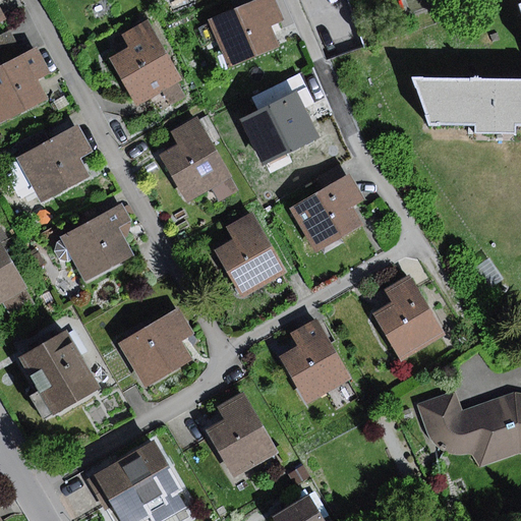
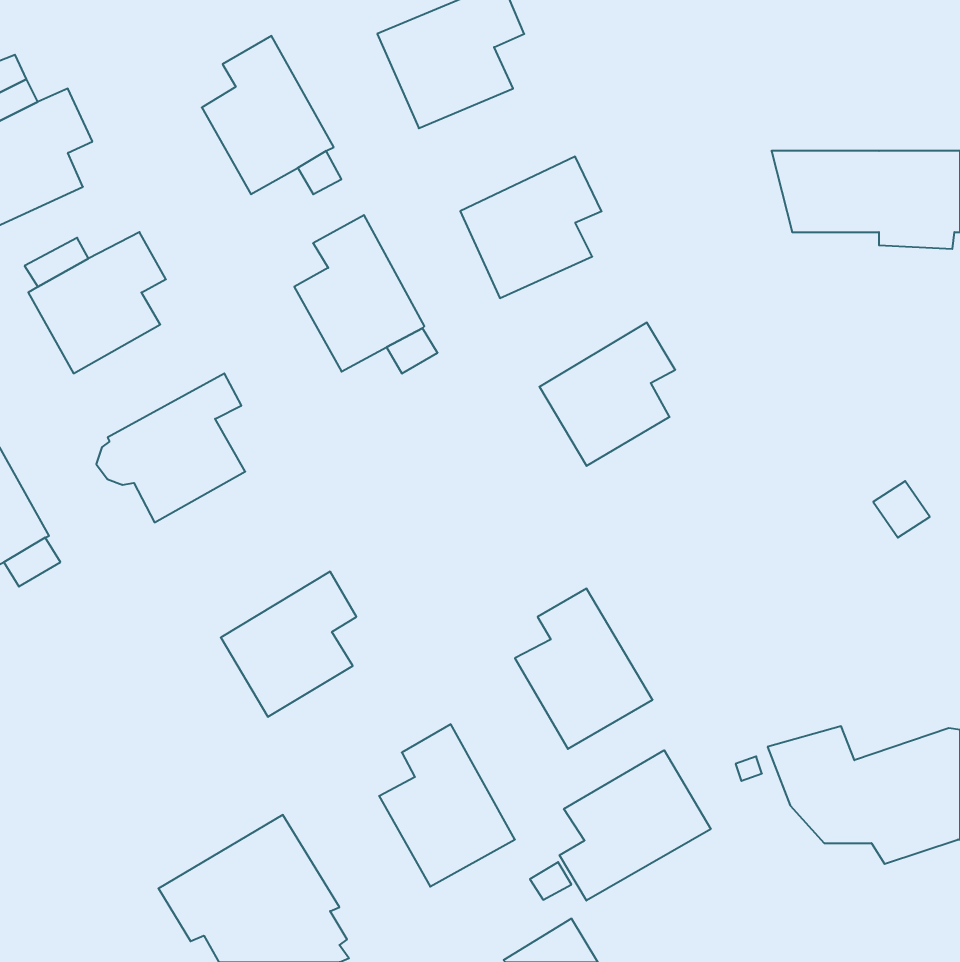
building: [213,212,286,298] -> none
building: [371,276,444,360] -> none
building: [20,332,99,420] -> none
building: none -> [560,750,711,901]

